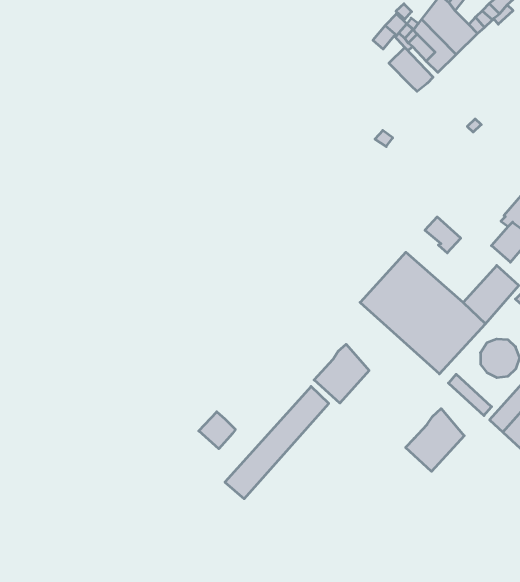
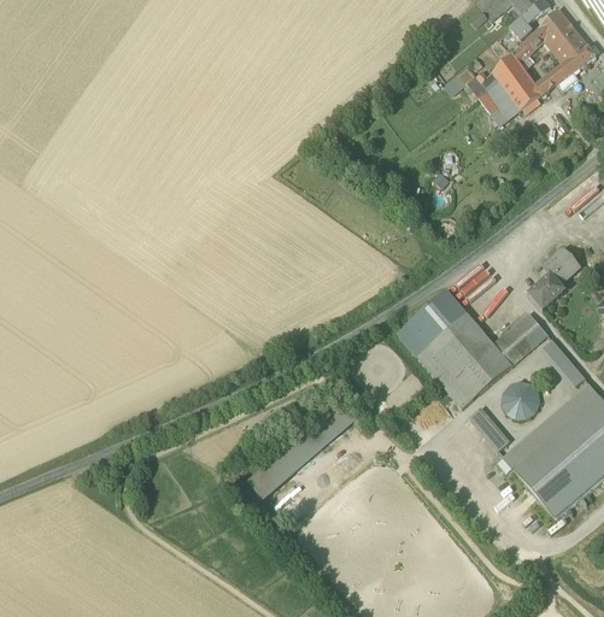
building: [389,48,433,91] -> none
building: [314,344,369,403] -> none
building: [406,409,464,471] -> none
building: [199,412,235,449] -> none

